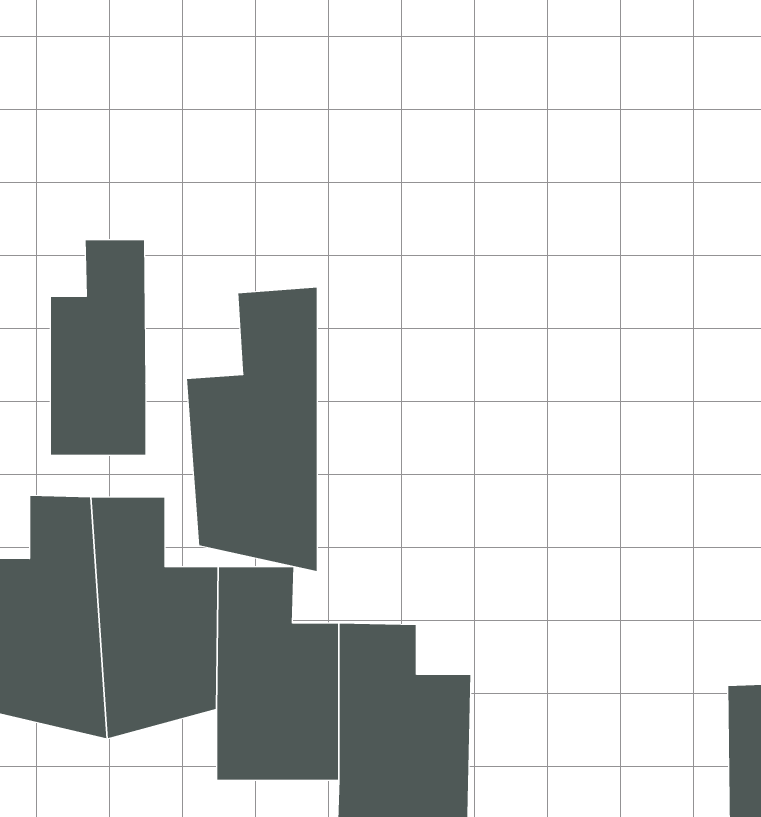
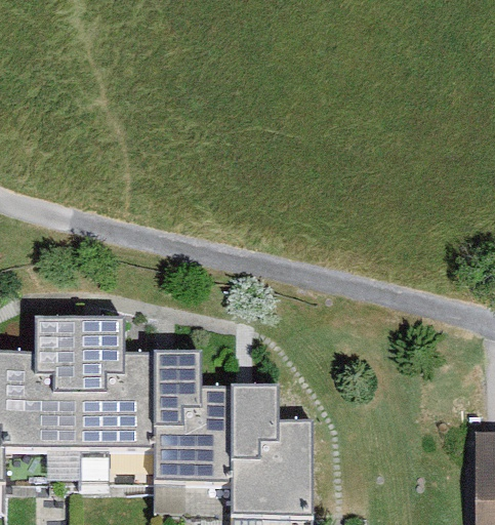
building: [50,239,146,455] -> none
building: [187,287,317,572] -> none

